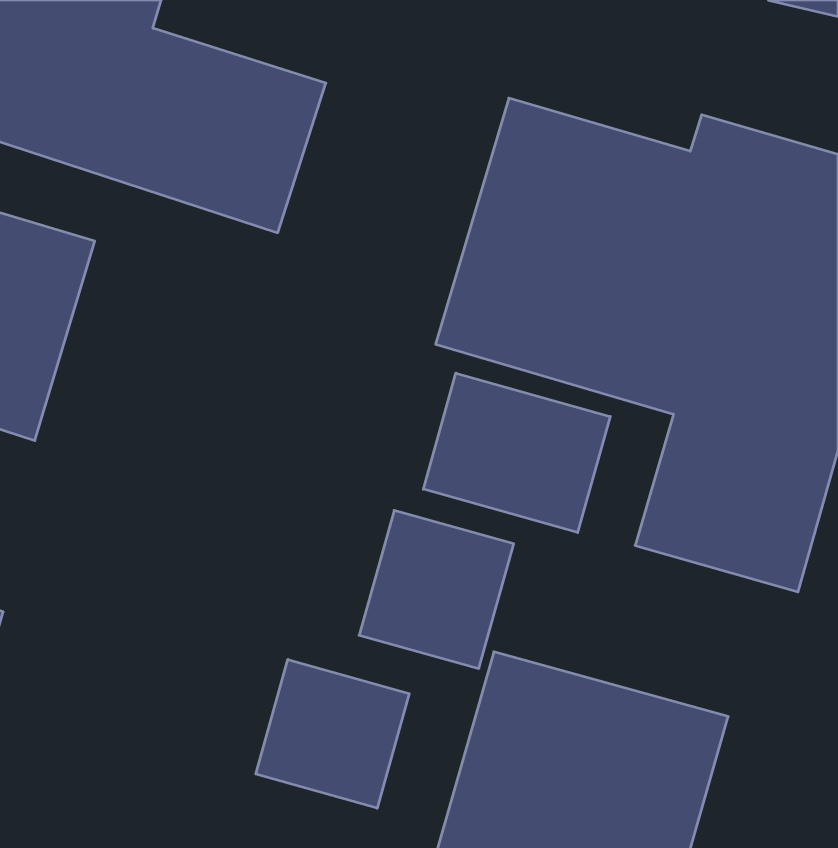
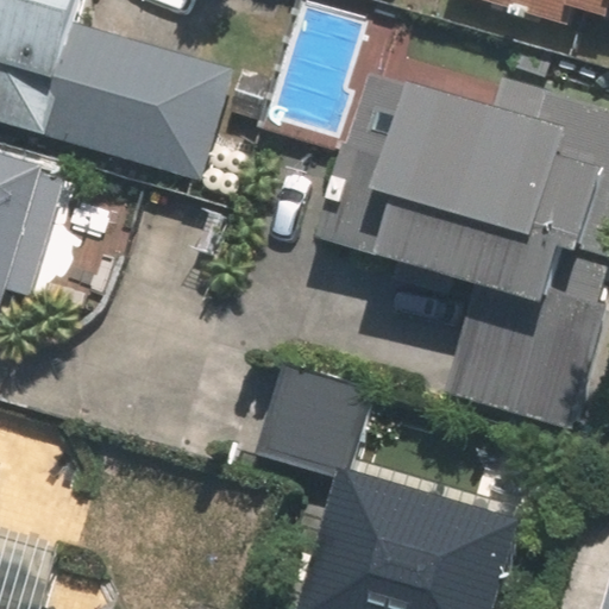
building: [423,373,610,533] -> none
building: [256,659,409,808] -> none

